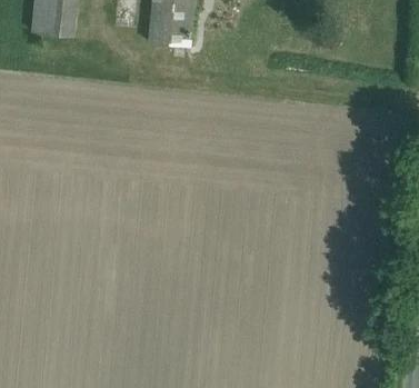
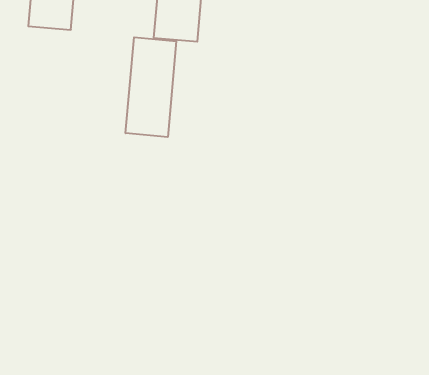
building: none -> [126,37,176,137]

